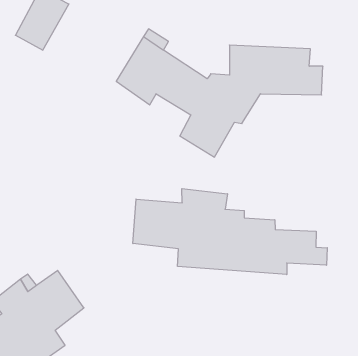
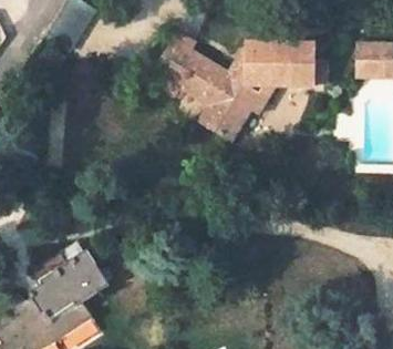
building: [133,189,327,275] -> none

